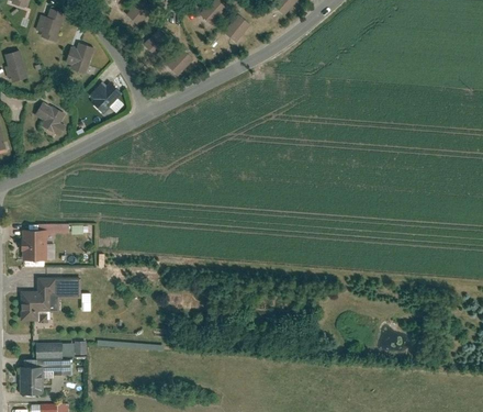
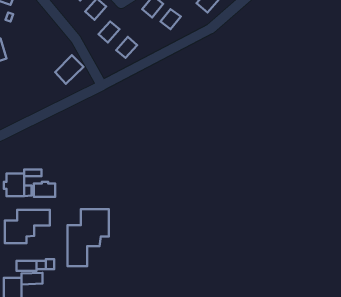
building: [36,8,66,44] -> none
building: [69,44,96,76] -> none
building: [35,102,69,134] -> none
building: none -> [34,182,55,197]
building: none -> [67,209,109,266]

